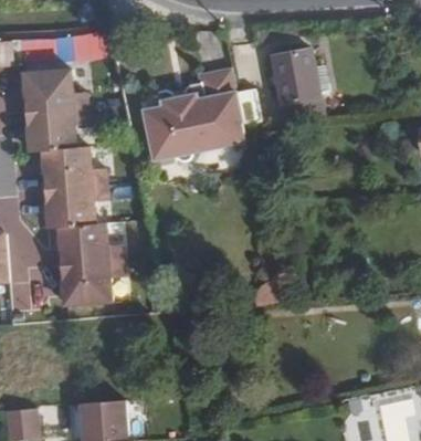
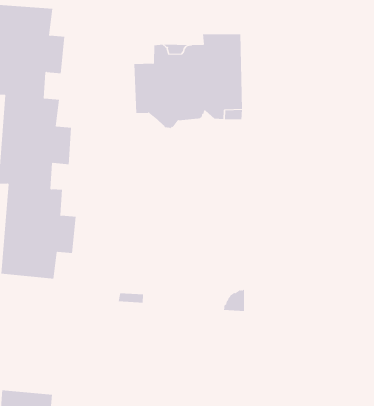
building: [272,46,323,118] -> none

